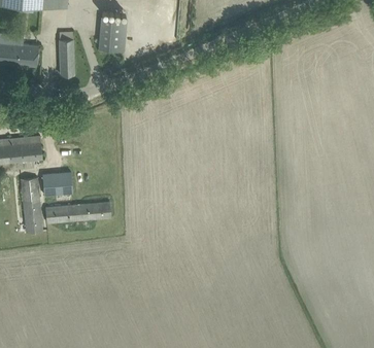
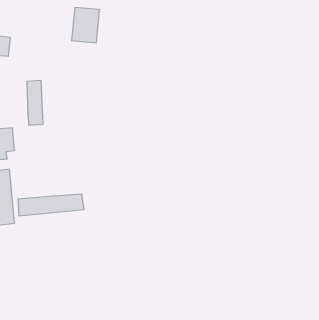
building: [59,31,75,75] -> [27,81,43,125]
building: [42,172,73,195] -> none

